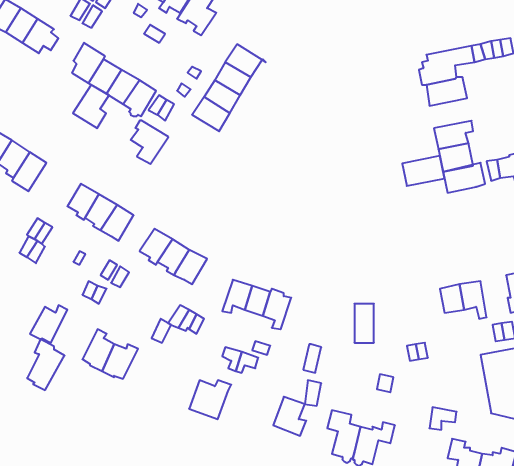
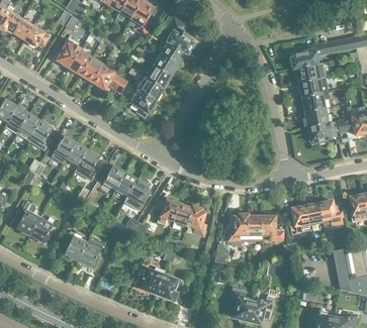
building: none -> [162,16,194,53]
building: [73,85,109,128] -> [28,121,53,150]
building: [131,120,168,164] -> [131,89,157,118]
building: [402,156,444,186] -> [298,78,327,98]
building: none -> [290,206,309,233]
building: none -> [227,214,248,245]
building: none -> [261,216,282,242]
building: [27,339,65,390] -> [17,202,42,236]
building: [273,397,306,436] -> [156,275,178,301]

